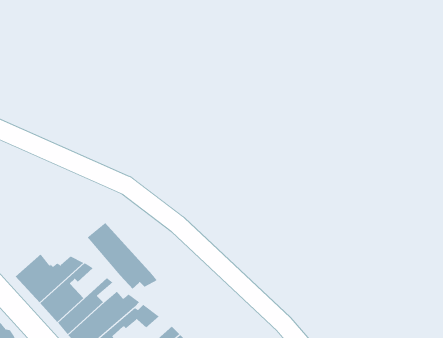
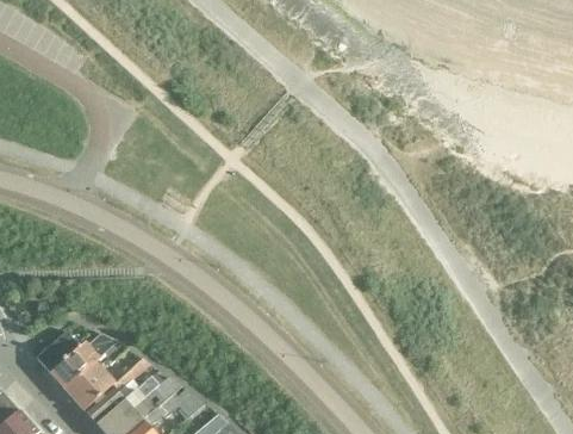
building: [87,222,157,289] -> none

